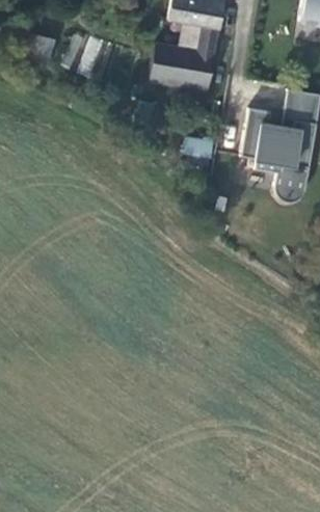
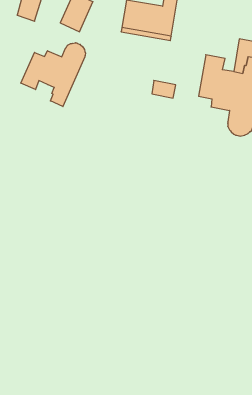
building: none -> [21,43,86,107]

